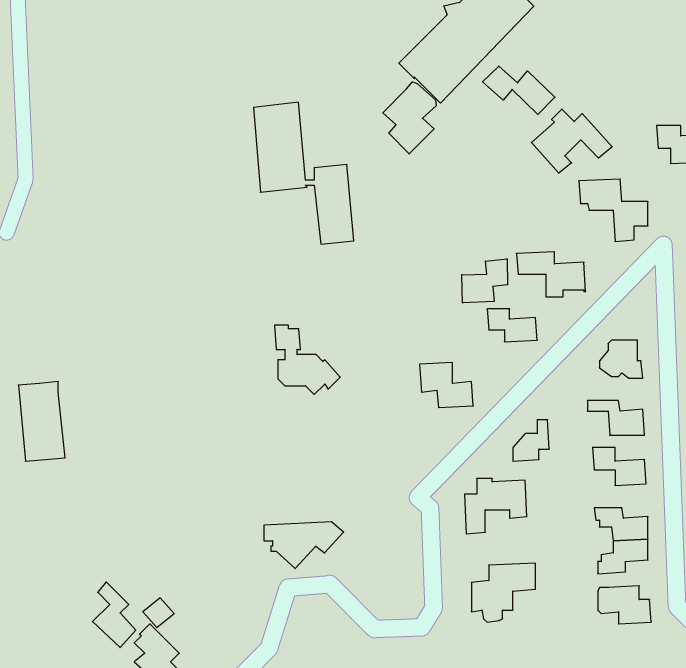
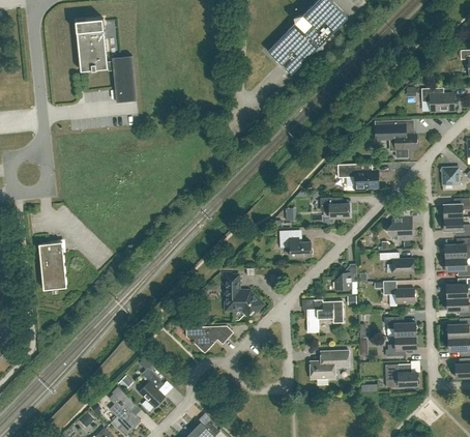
building: [483,66,555,114] -> none
building: [383,82,436,154] -> none
building: [254,102,354,244] -> [76,18,136,103]
building: [531,109,612,173] -> none
building: [462,259,508,303] -> none
building: [275,325,340,394] -> [223,273,262,315]
building: [92,582,136,648] -> [138,368,164,407]

